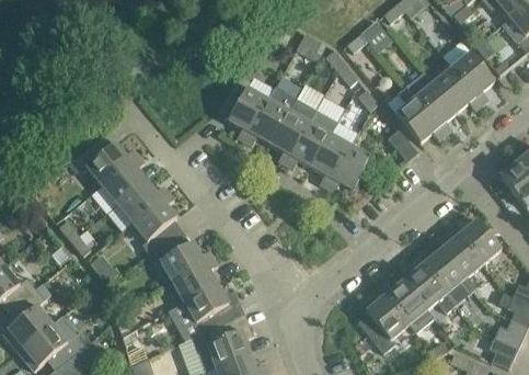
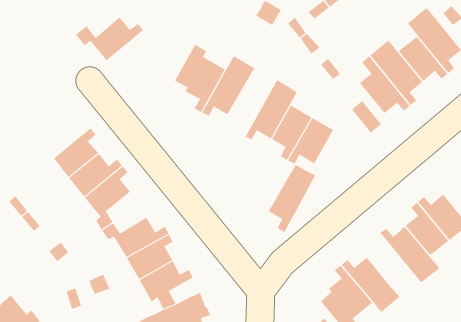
building: [271,99,317,164] -> [268,164,316,233]
building: [73,143,139,185] -> [75,16,144,61]
building: [404,257,447,309] -> none

